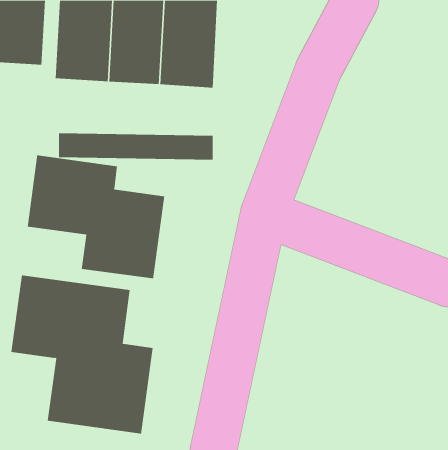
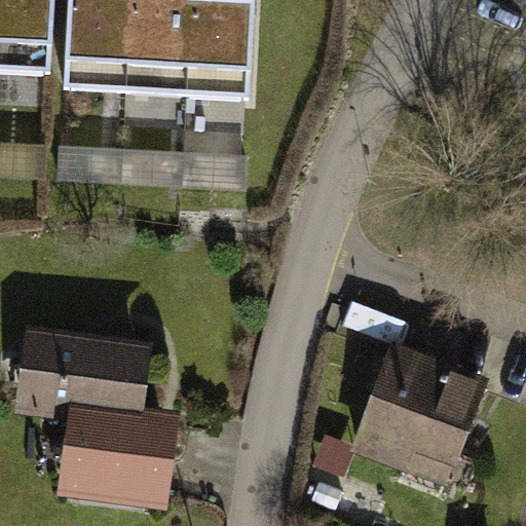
building: [27,155,165,279] -> none
building: none -> [348,336,489,483]

